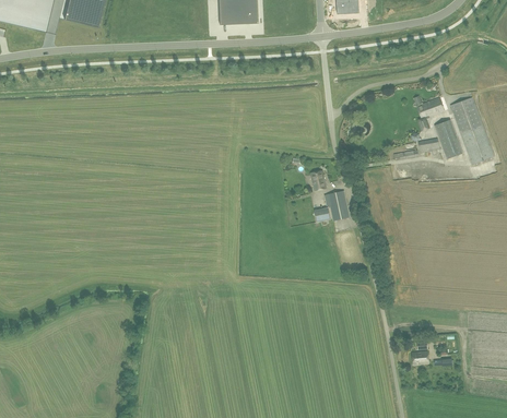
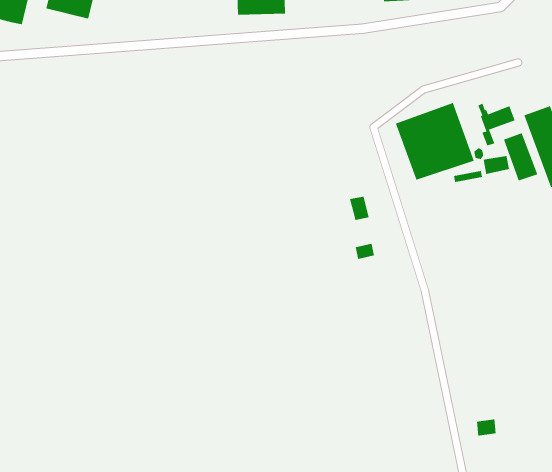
building: none -> [395,102,475,181]
building: [323,189,349,219] -> none

